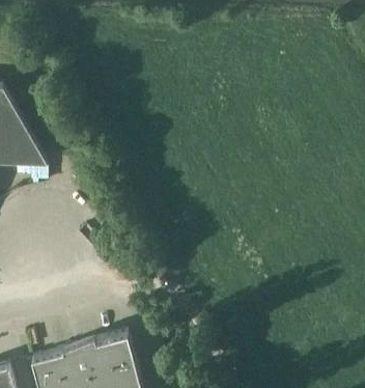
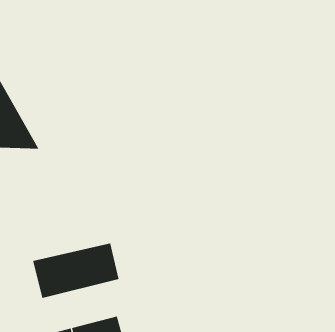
building: none -> [32,242,120,299]

